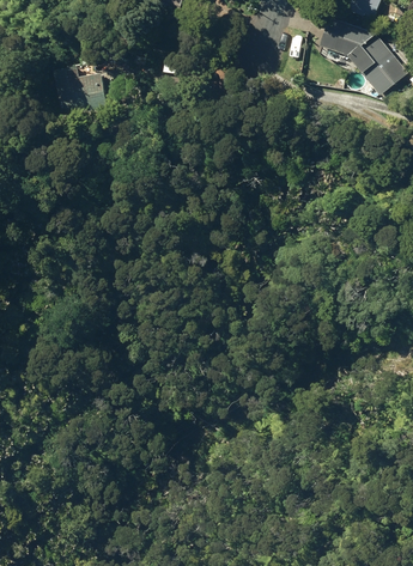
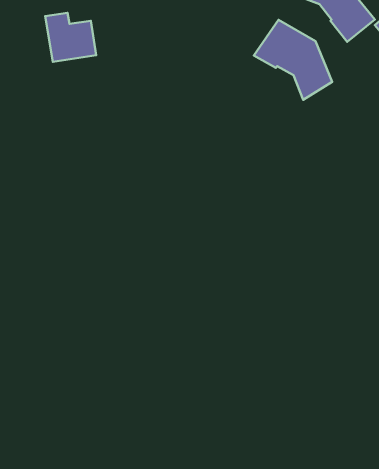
building: none -> [254,20,332,100]

